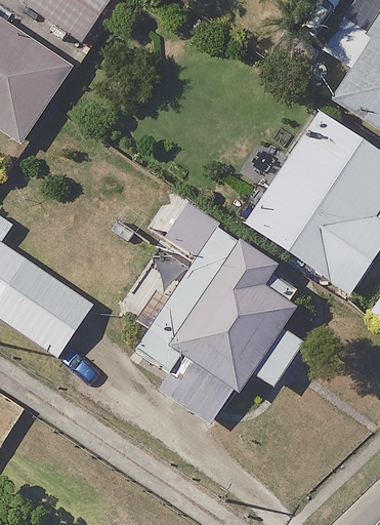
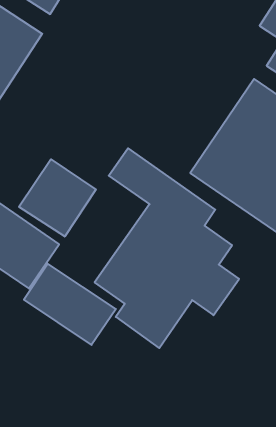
building: none -> [19,159,96,237]
building: none -> [24,264,116,345]

